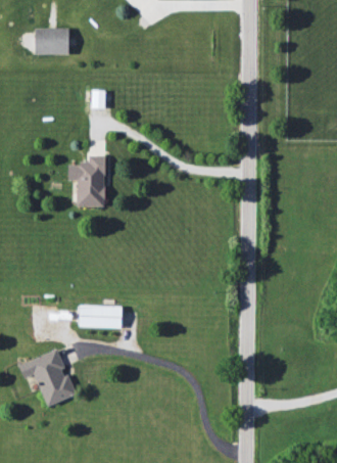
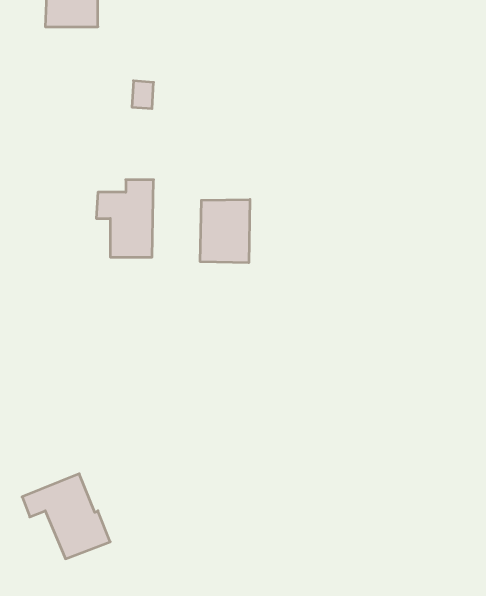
building: none -> [200,199,250,263]
building: [79,305,122,328] -> none

